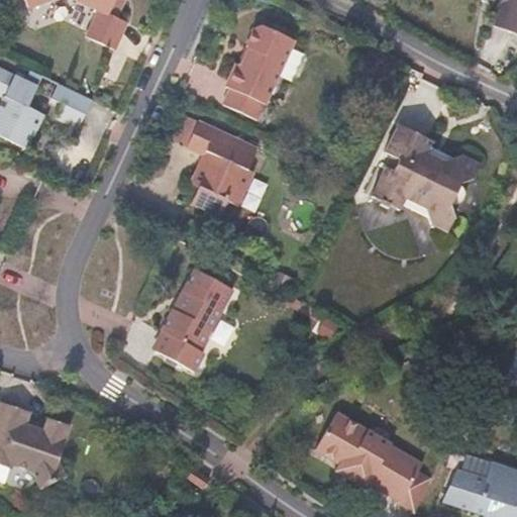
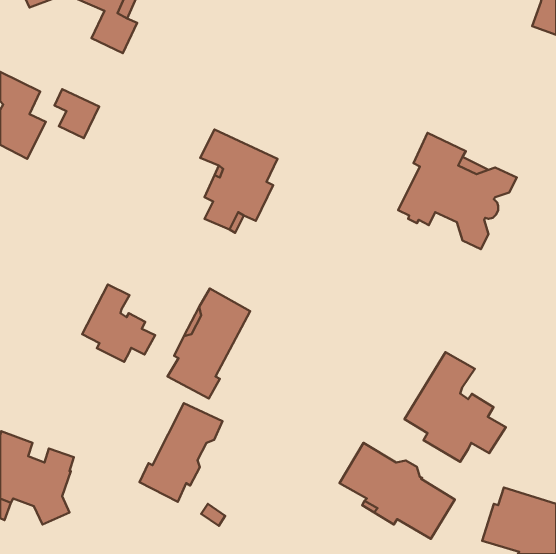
building: [221,24,295,120] -> none
building: none -> [82,285,155,362]
building: none -> [404,352,506,462]
building: none -> [139,403,223,502]

